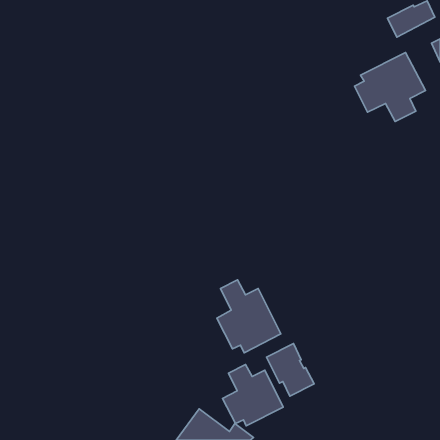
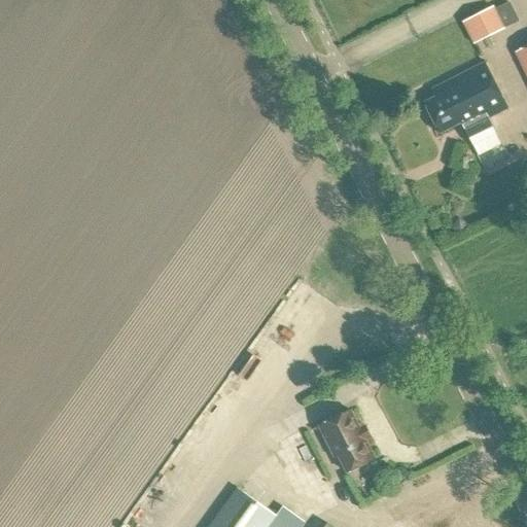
building: [217,280,281,353] -> none
building: [223,364,283,426] -> none

